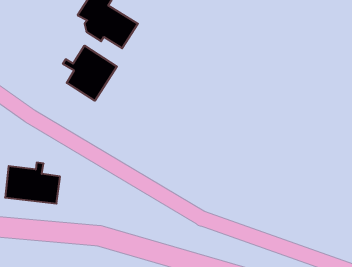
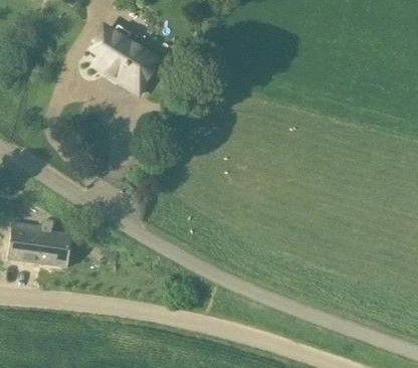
building: [63,46,117,101] -> none

